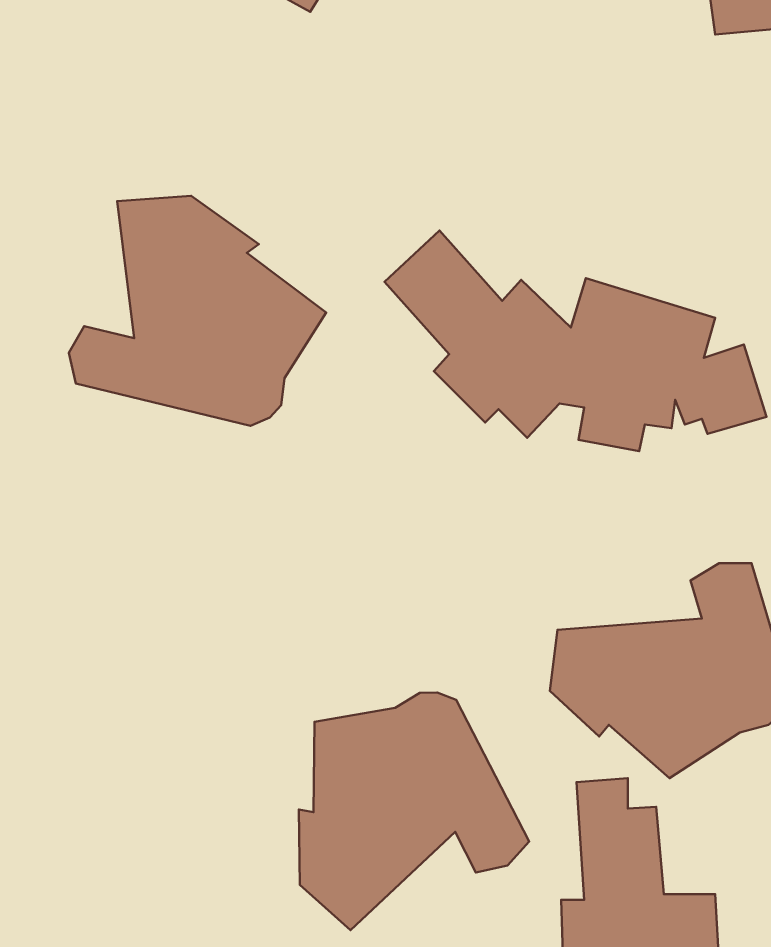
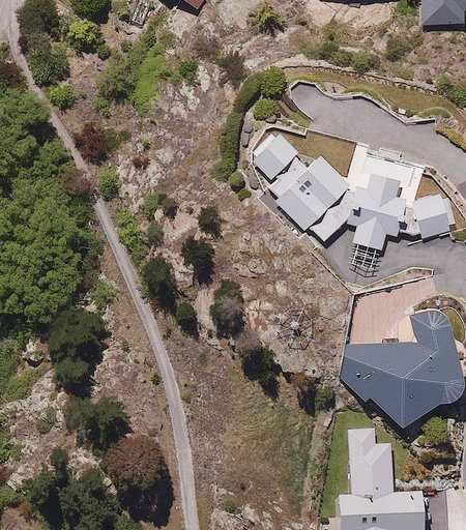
building: [69,196,326,426] -> none
building: [299,693,529,930] -> none

